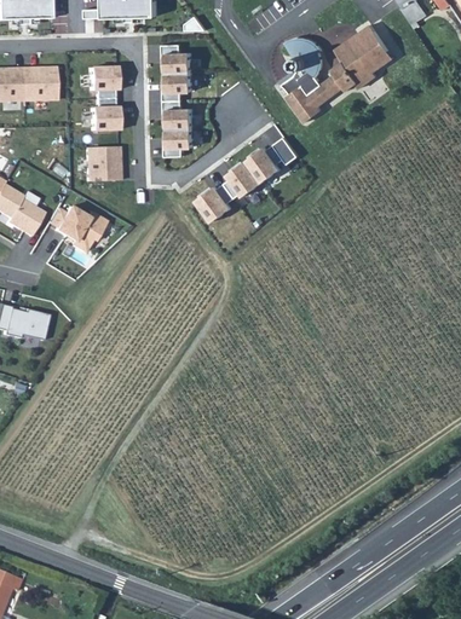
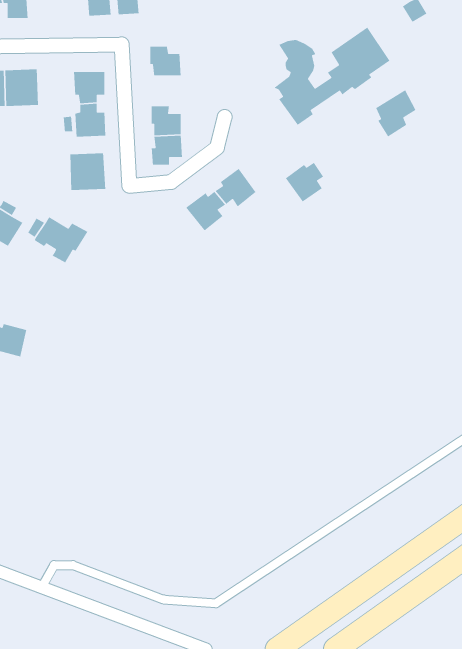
building: [165,73,194,100] -> none
building: none -> [375,89,417,137]
building: [248,144,286,183] -> [285,162,324,202]

